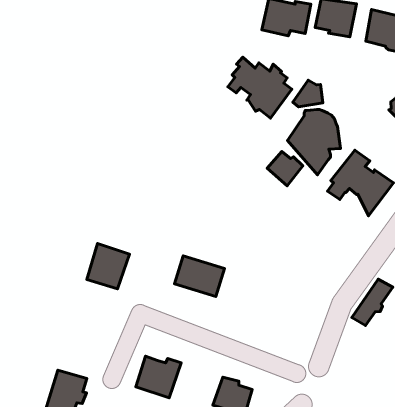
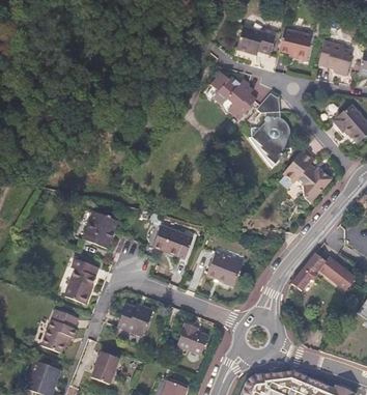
building: [267,151,303,186] -> none
building: none -> [206,251,243,285]
building: none -> [64,257,98,303]

